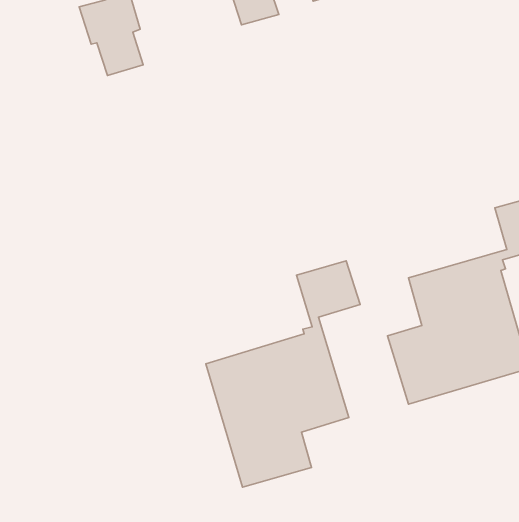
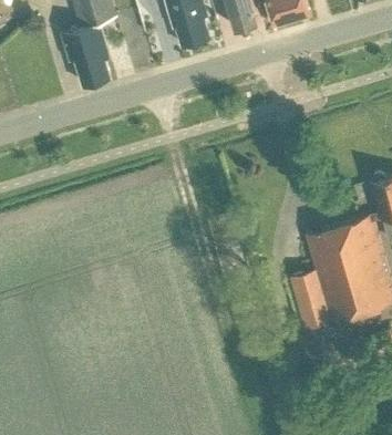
building: [206,261,360,487] -> none

